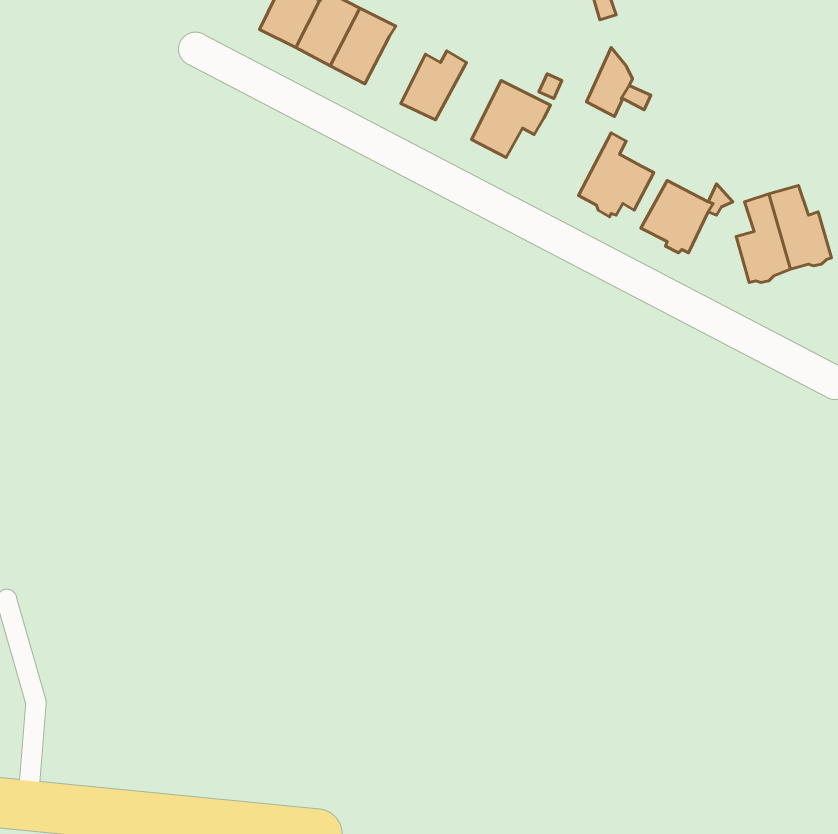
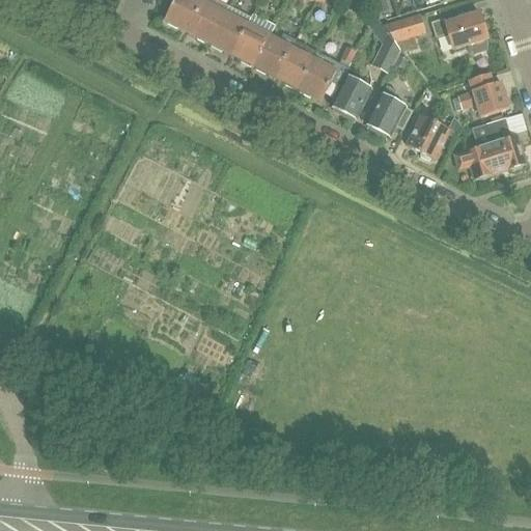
building: none -> [430,12,486,53]
building: none -> [382,13,425,41]
building: none -> [230,23,269,65]
building: none -> [275,39,316,88]
building: none -> [332,66,369,118]
building: none -> [456,73,510,117]

